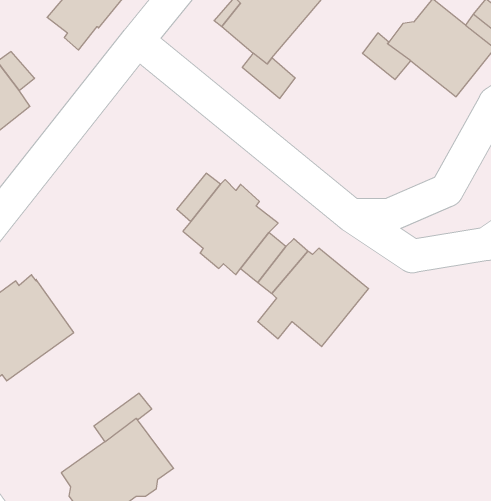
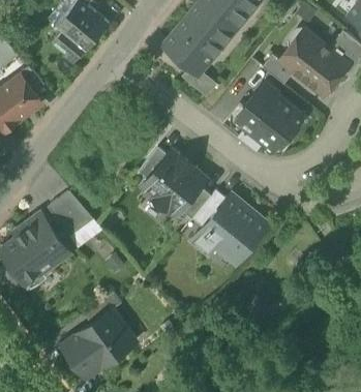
building: none -> [235,84,302,150]
building: none -> [48,190,94,236]

